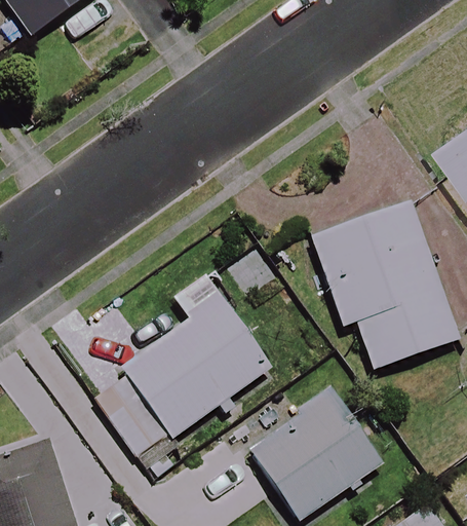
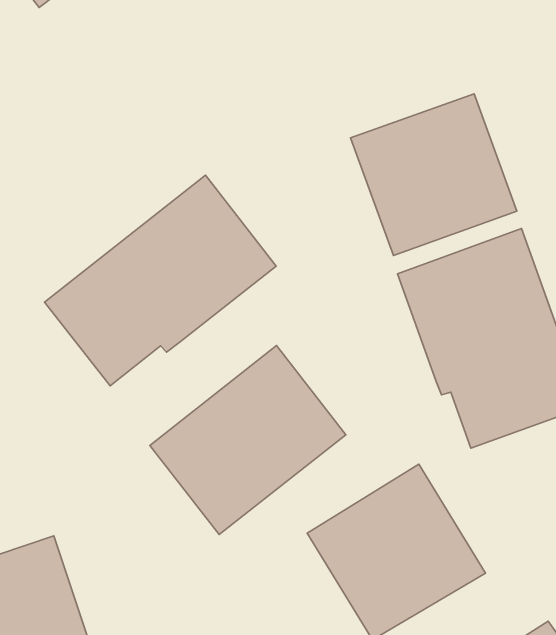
building: none -> [351,94,517,255]
building: none -> [45,175,276,386]

